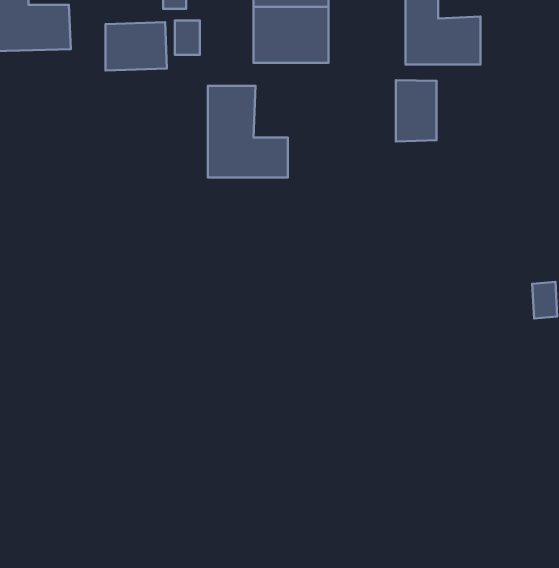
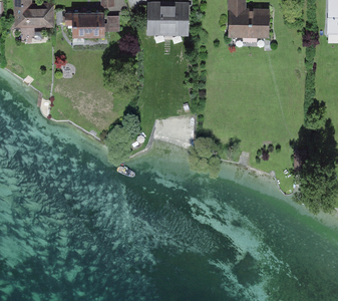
building: [396,80,437,141] -> none
building: [208,86,288,178] -> none

